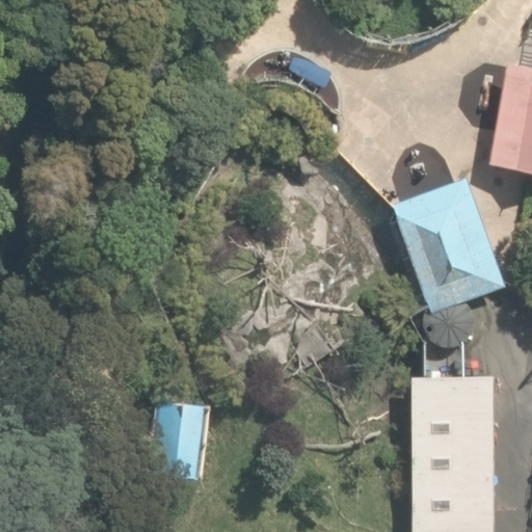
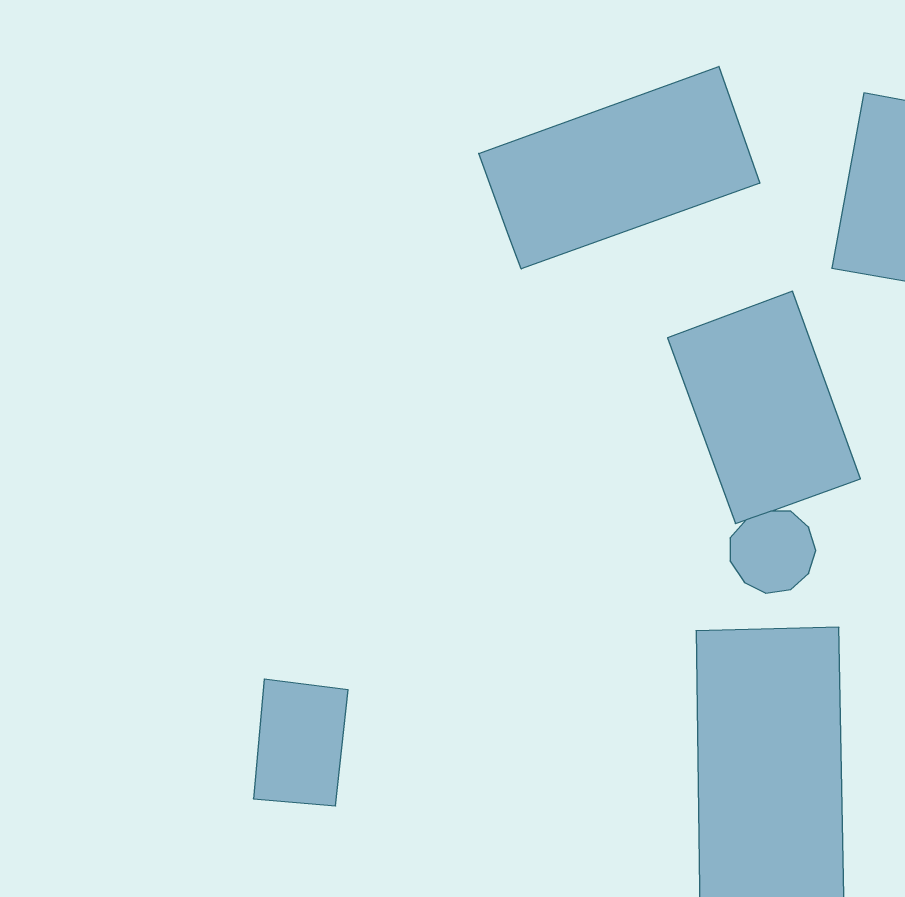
building: none -> [479,66,760,269]

